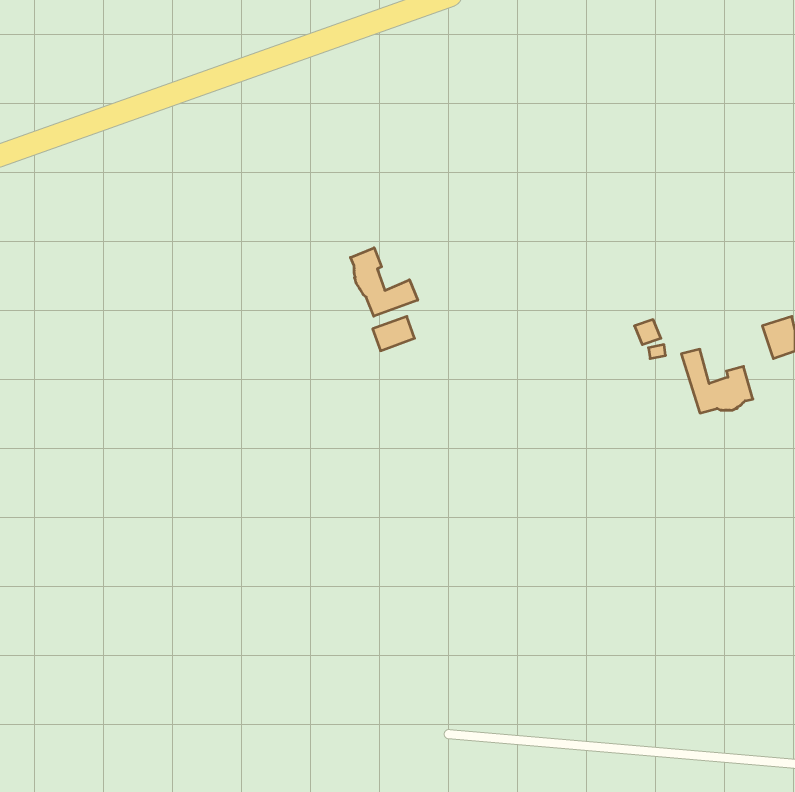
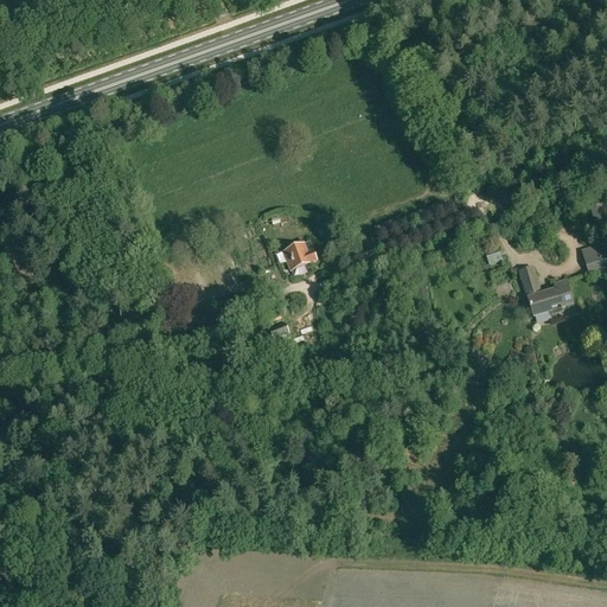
building: [350,248,418,316] -> none

